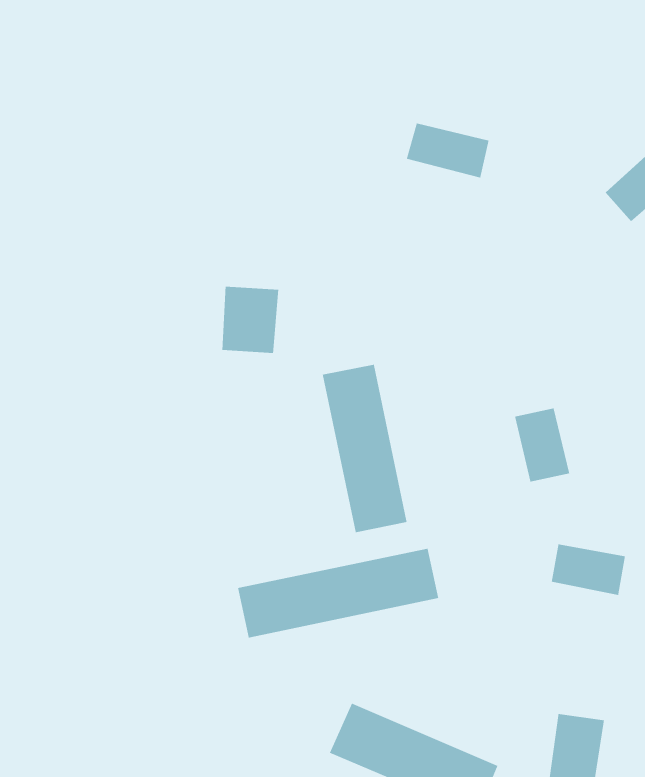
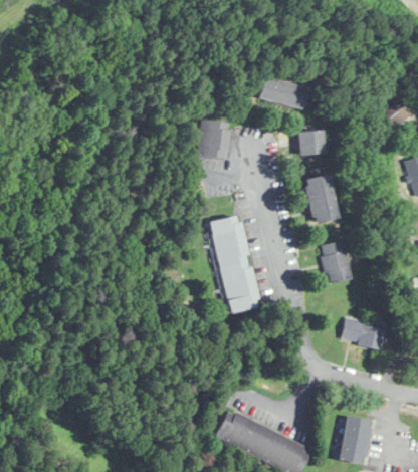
building: none -> [296,130,323,156]
building: [221,286,279,354] -> [197,120,230,159]
building: none -> [304,175,337,224]
building: [237,548,439,638] -> none

